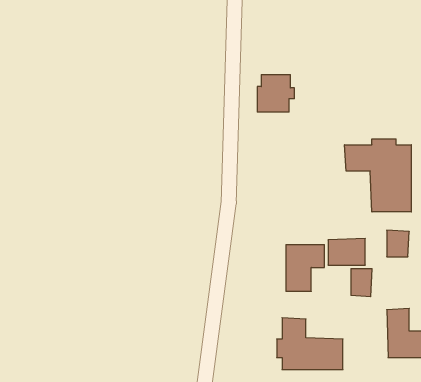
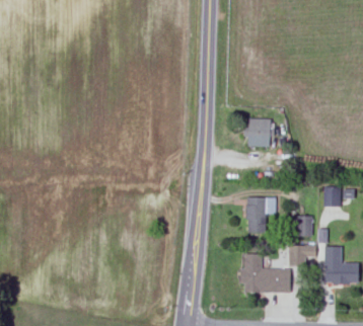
building: [257,75,294,112] -> [245,118,274,147]
building: [345,139,411,212] -> none
building: [328,239,365,265] -> [288,245,316,265]

